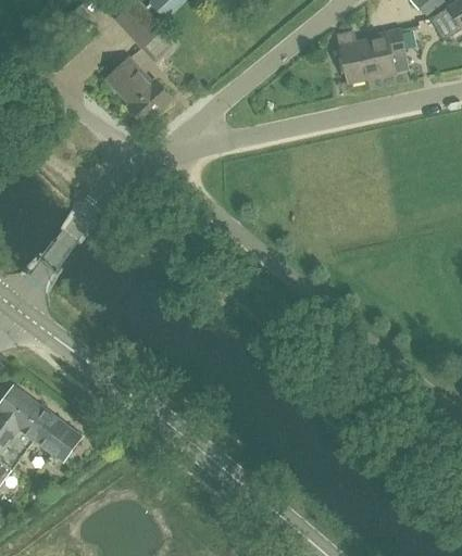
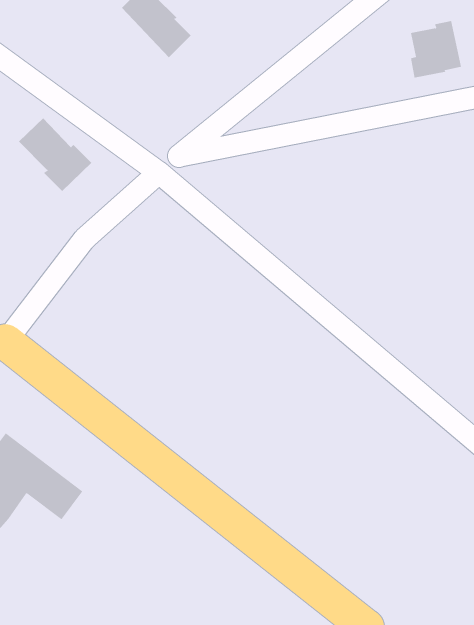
building: [339,39,369,83] -> none
building: [105,58,170,122] -> [18,118,92,192]

